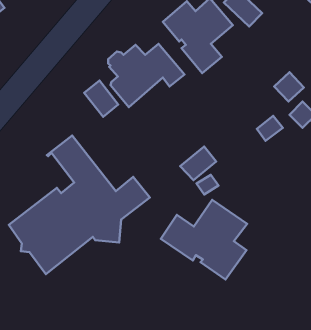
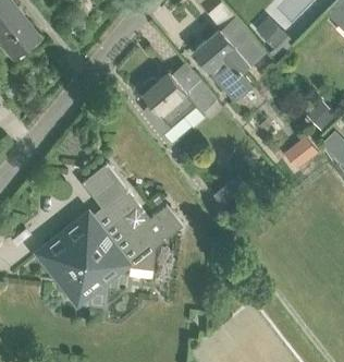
building: [84,81,118,117] -> none
building: [161,200,247,279] -> none

